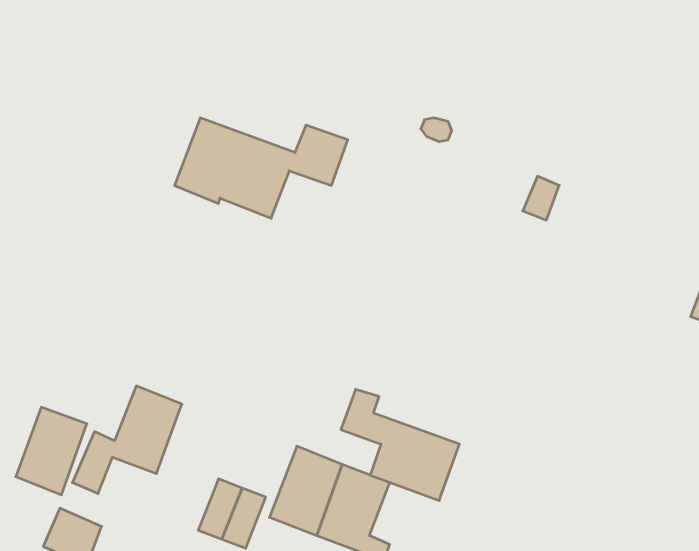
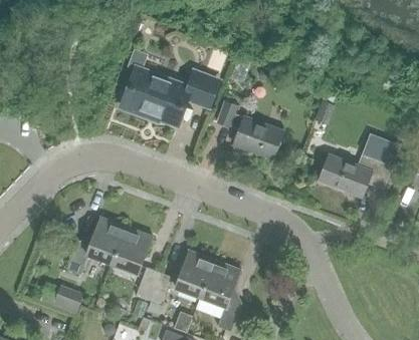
building: none -> [322,134,400,197]
building: [341,389,459,501] -> [217,101,282,162]
building: [16,407,87,495] -> [113,227,152,275]

